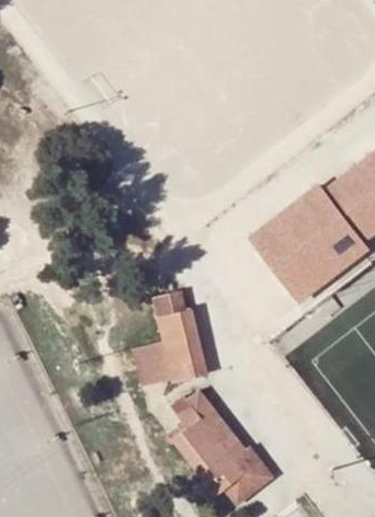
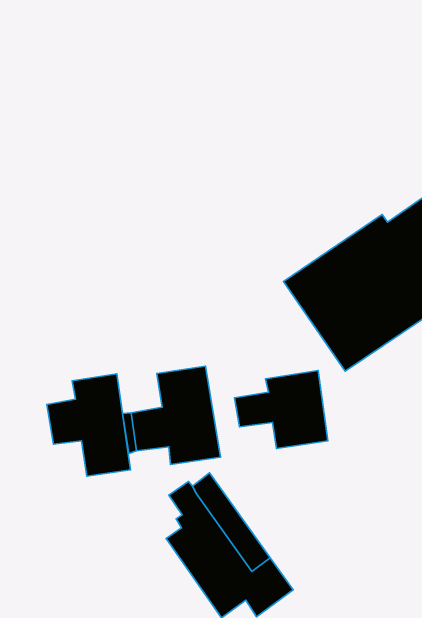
building: none -> [234,371,328,449]
building: none -> [47,374,130,476]

